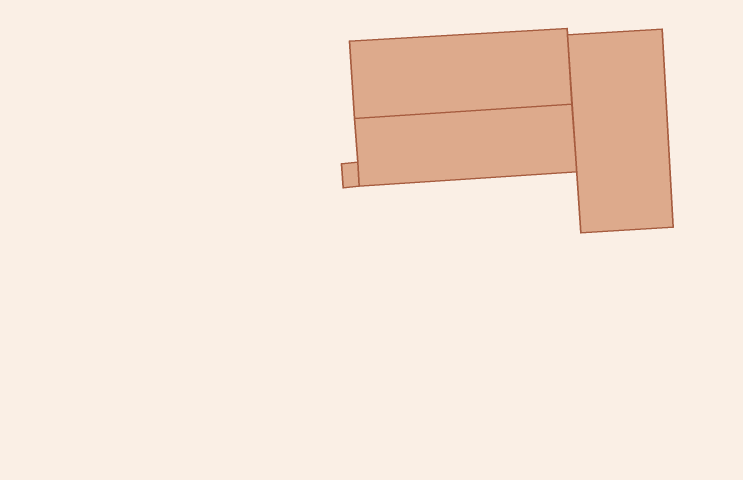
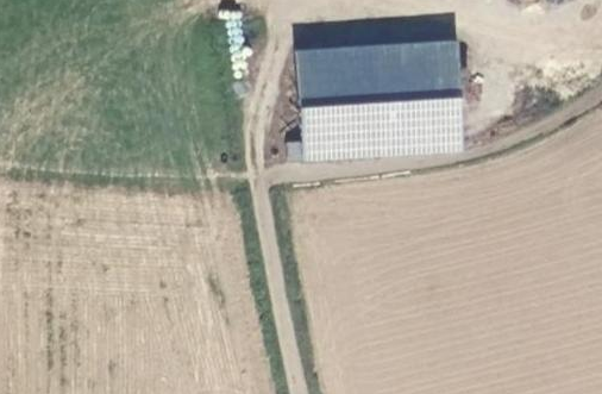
building: [568,29,673,233] -> none

